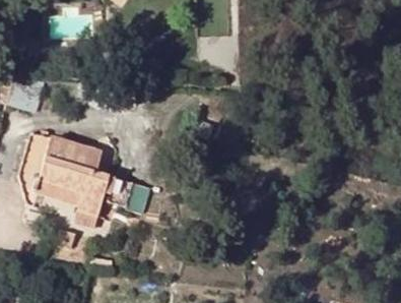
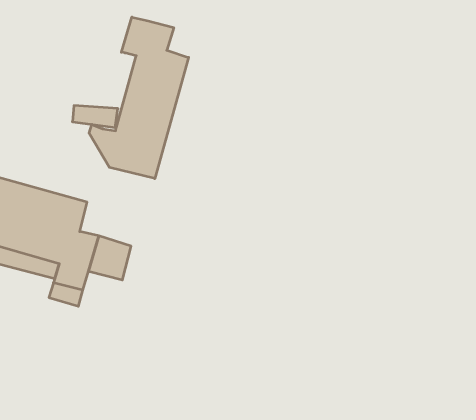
building: none -> [89,17,189,179]

